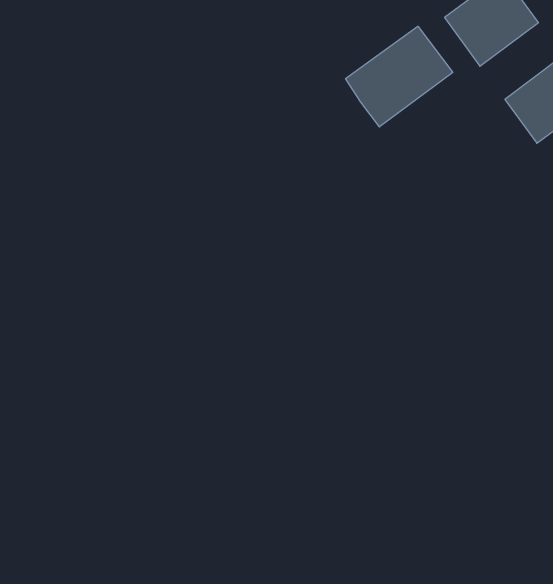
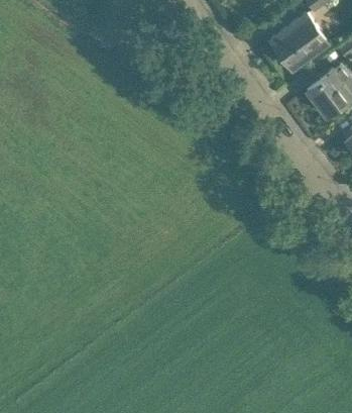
building: [346,26,453,127] -> none

